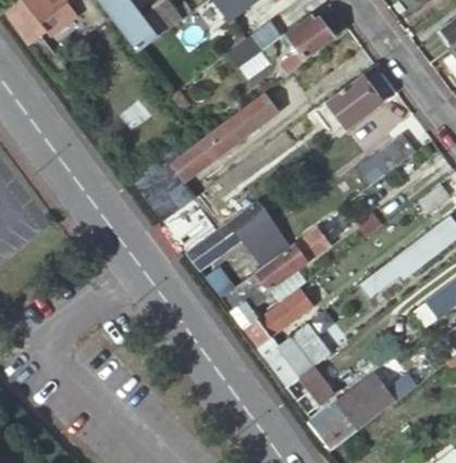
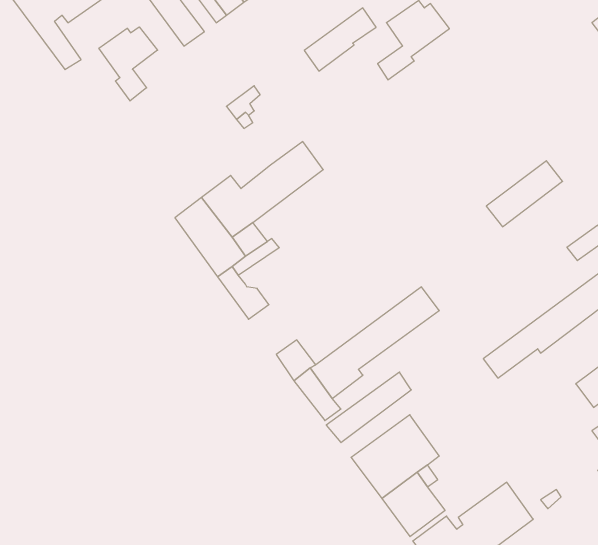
building: none -> [99,27,158,101]
building: [329,74,383,126] -> none
building: [225,86,288,141] -> none
building: [187,203,284,268] -> none

